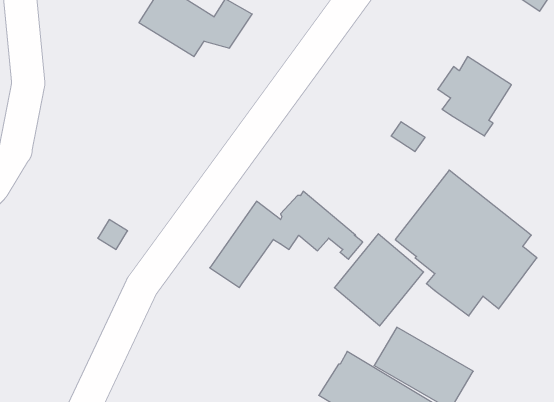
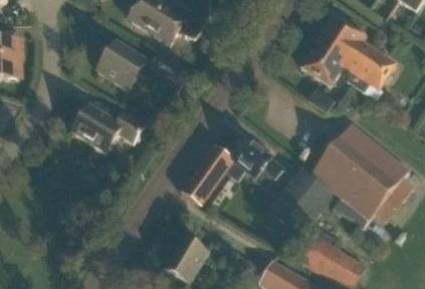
building: none -> [299,13,365,85]
building: none -> [96,41,180,89]
building: none -> [70,103,144,153]
building: none -> [163,237,206,282]

